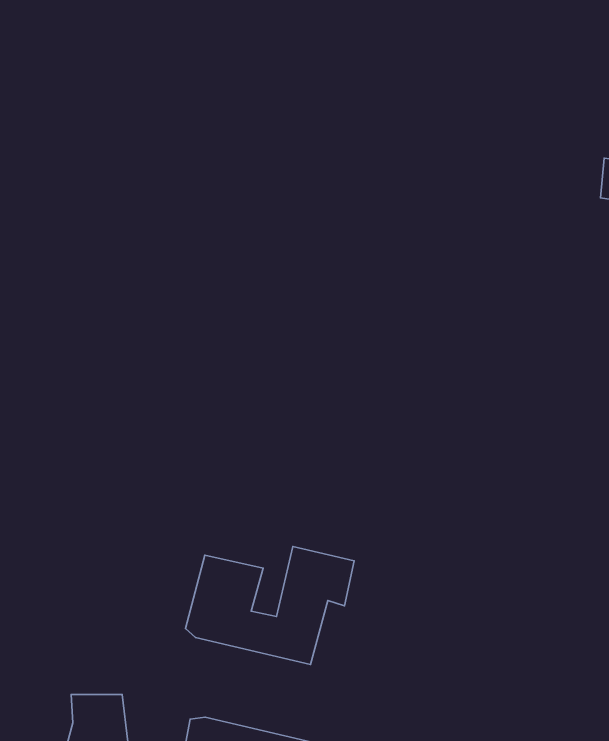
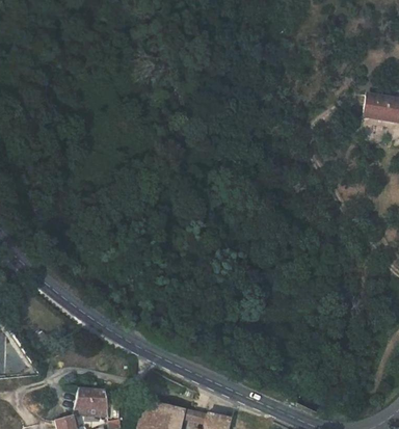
building: [185,546,354,664] -> none

